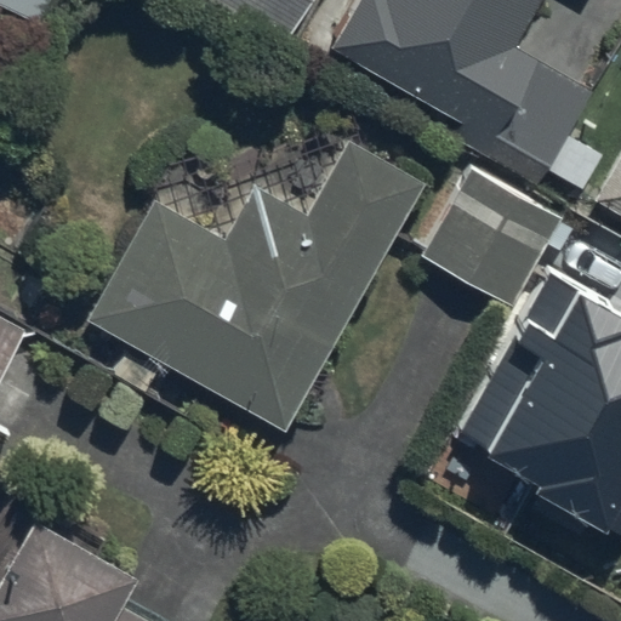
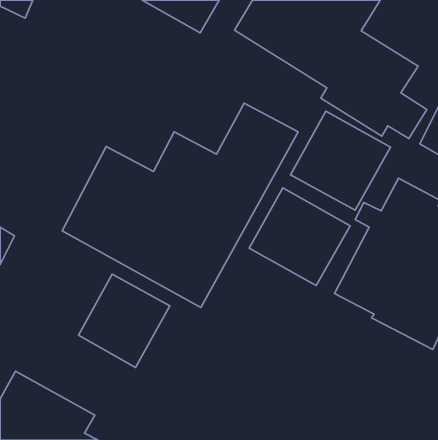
building: none -> [249,188,350,285]
building: none -> [78,274,170,367]

